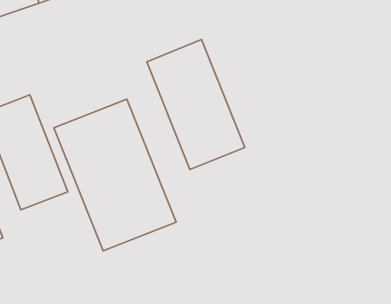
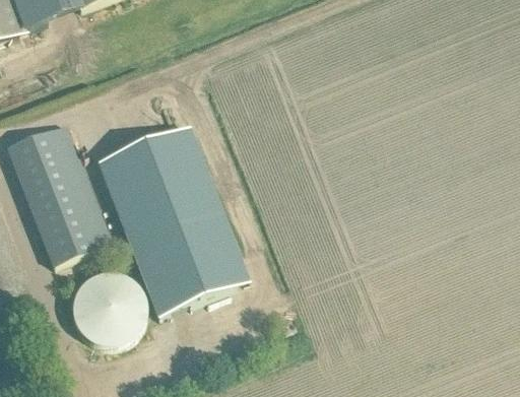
building: [147,40,245,170] -> none
building: none -> [71,270,148,346]

